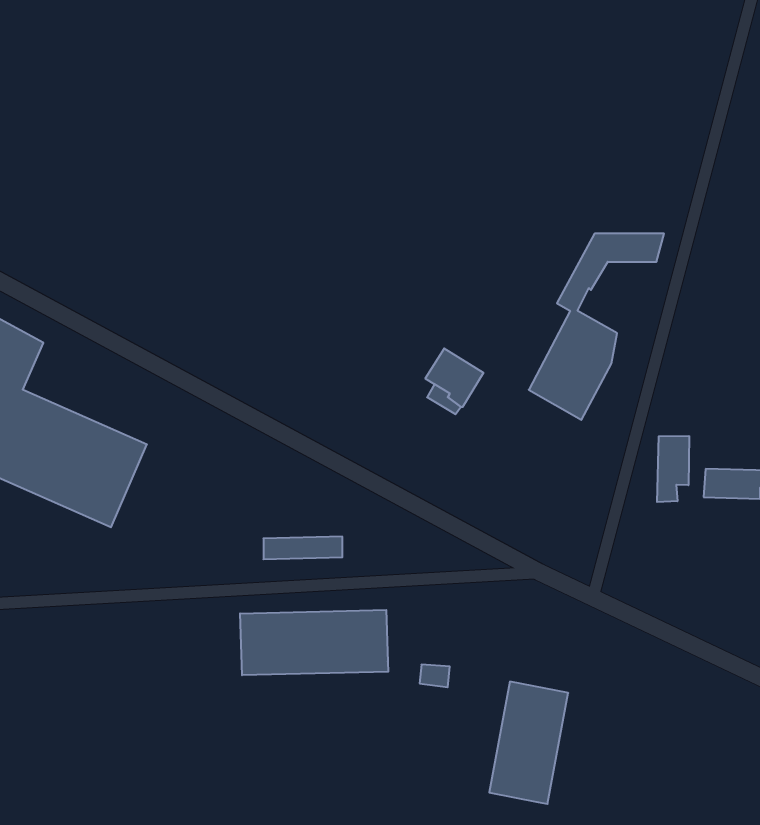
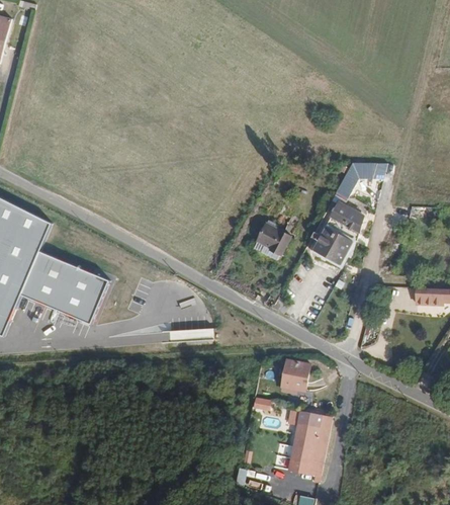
building: [657,436,689,502] -> none
building: none -> [286,358,311,389]
building: [240,610,388,675] -> none

